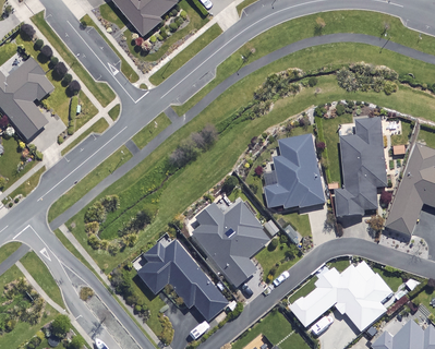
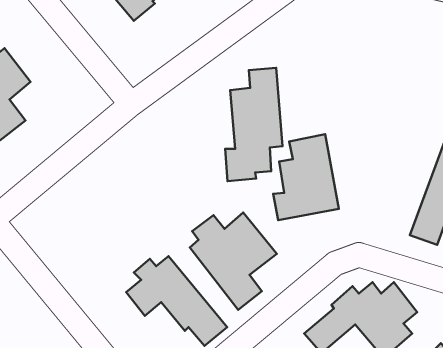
building: [335,116,385,215] -> [225,68,282,181]

